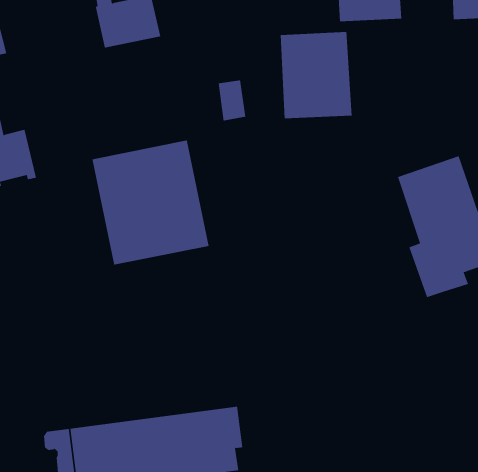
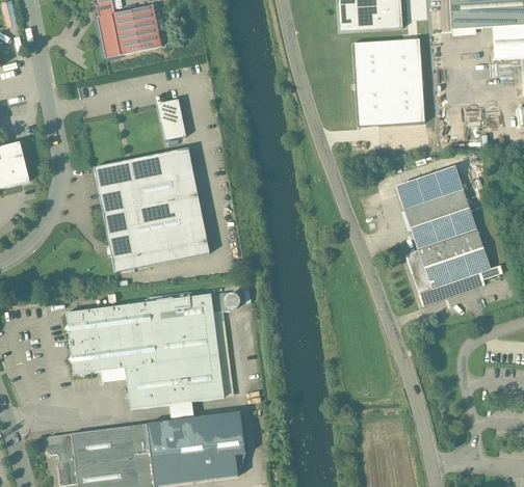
building: [280,32,352,119] -> [353,38,425,125]
building: [218,80,246,121] -> [158,98,186,138]
building: none -> [64,293,225,408]

